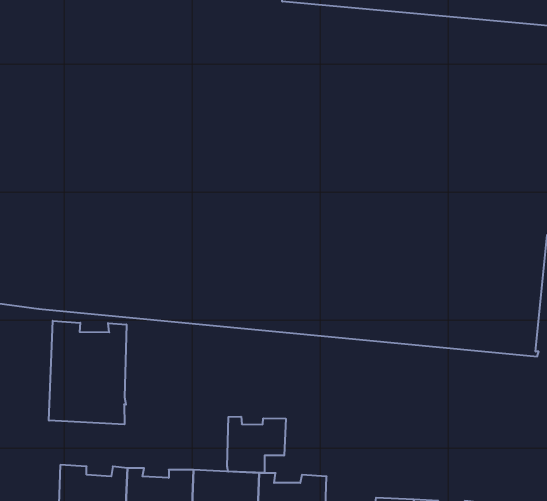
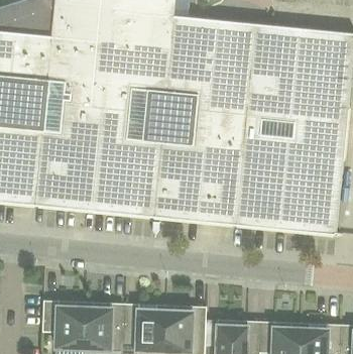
building: [49,321,126,424] -> none
building: [227,417,286,473] -> none

